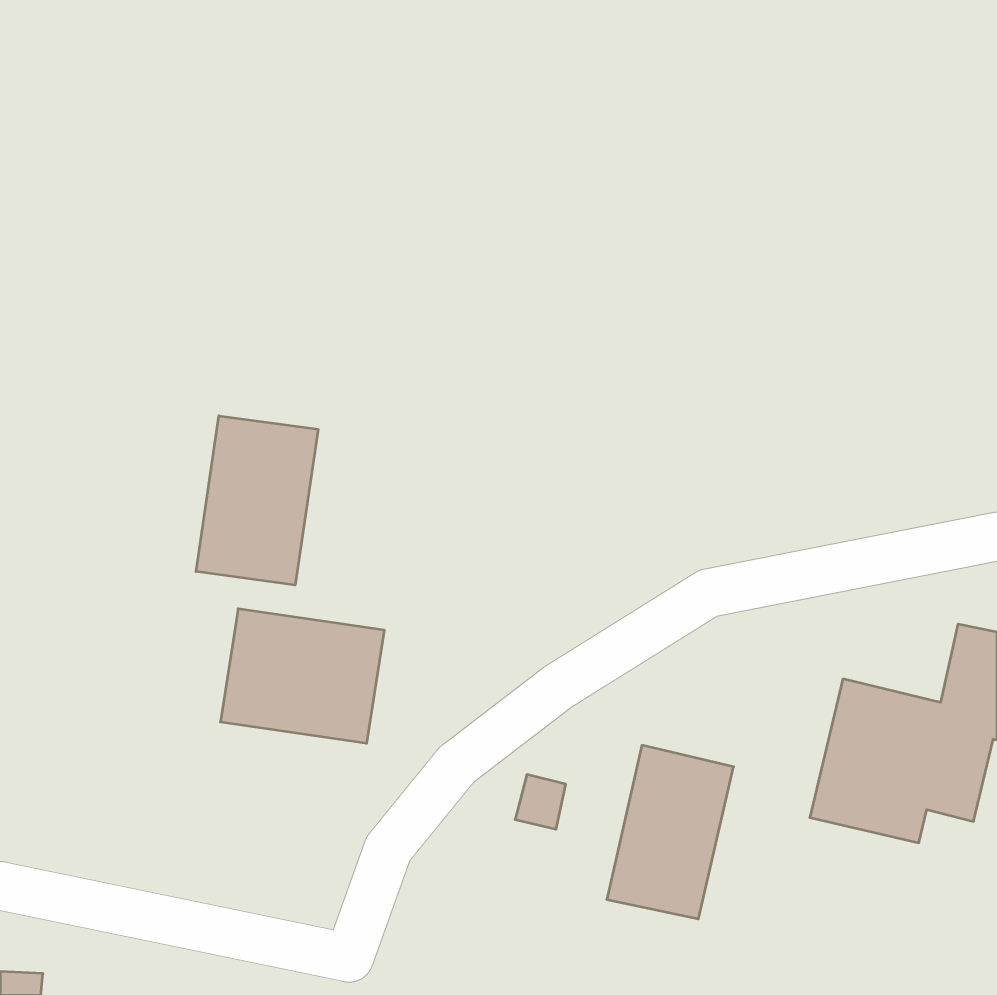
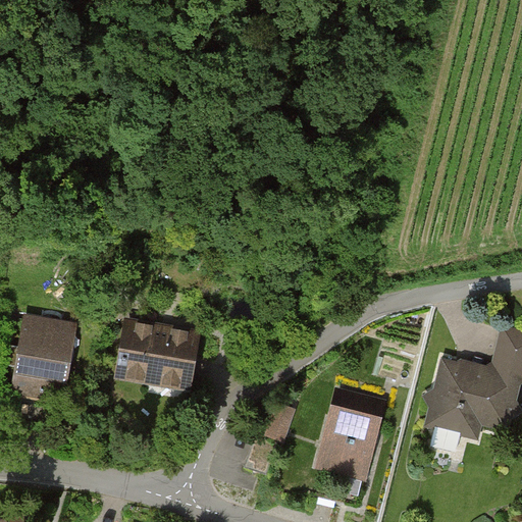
building: [196,416,318,585] -> none
building: none -> [11,313,77,402]

